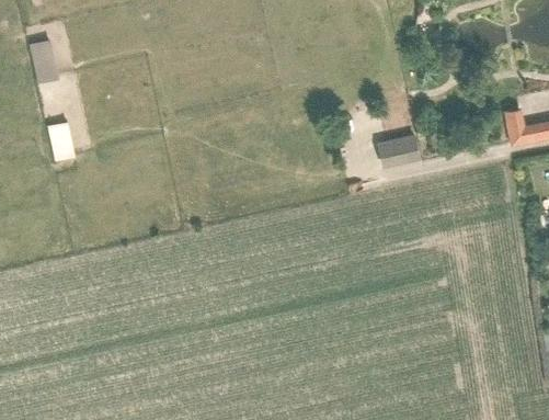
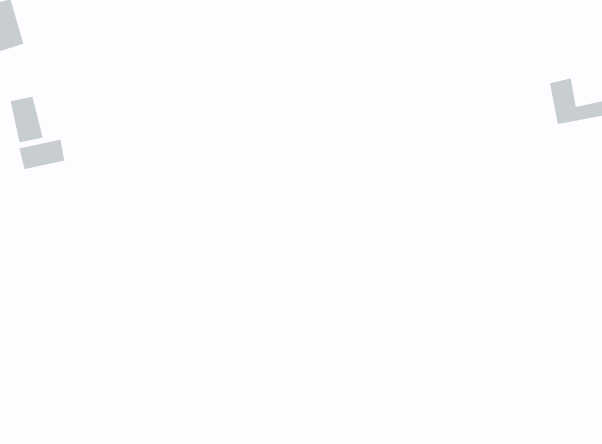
building: [374,133,420,169] -> none
building: none -> [19,139,65,170]

